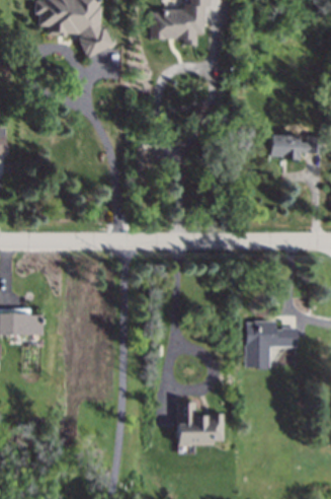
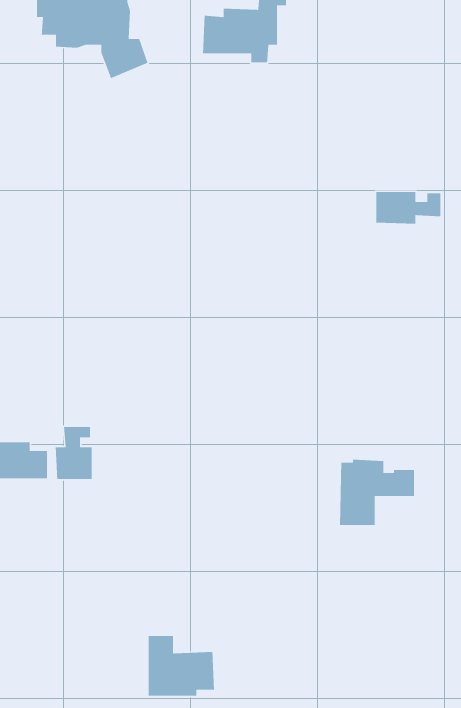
building: none -> [55,426,92,480]
building: [177,402,224,444] -> [148,635,215,696]

